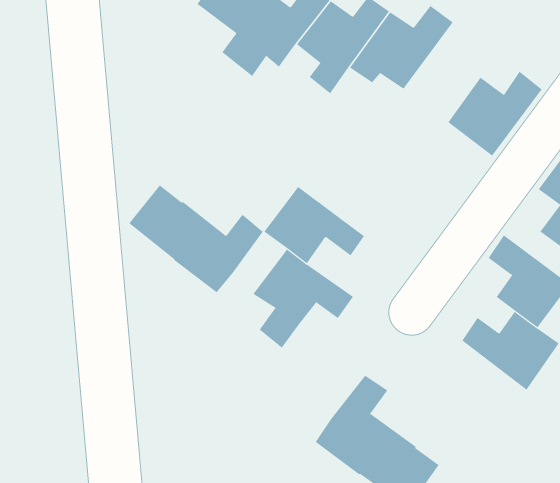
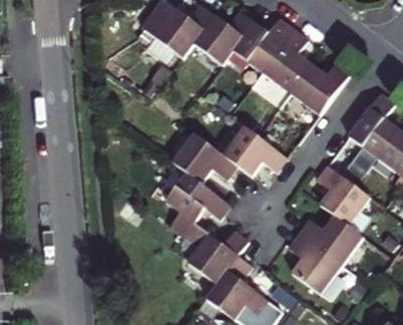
building: none -> [253,28,311,103]
building: none -> [222,125,287,175]
building: [129,185,264,293] -> none
building: none -> [180,223,248,283]
building: none -> [288,233,341,293]

